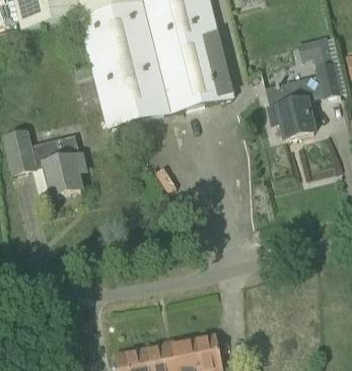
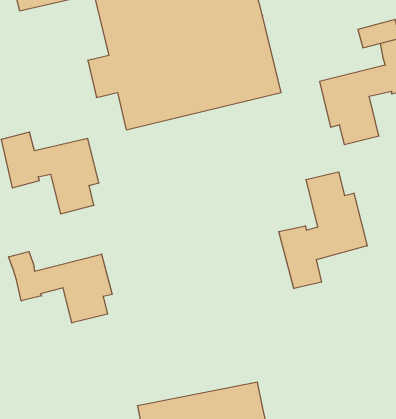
building: none -> [279,172,367,289]
building: none -> [9,252,112,323]

